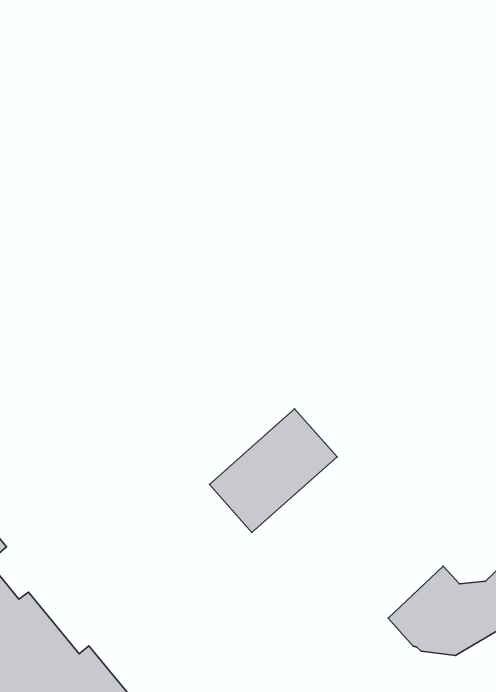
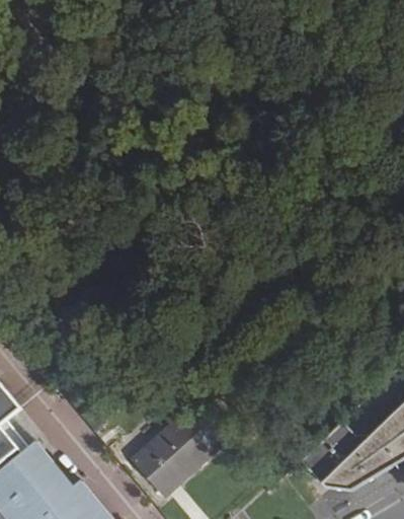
building: [209,409,337,532] -> [132,406,226,498]

